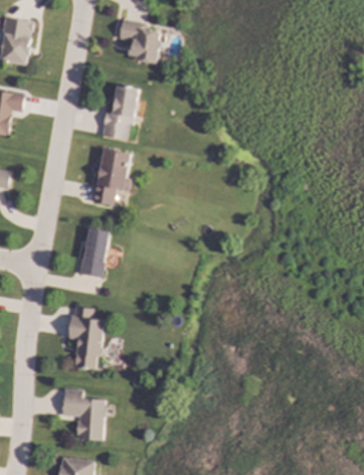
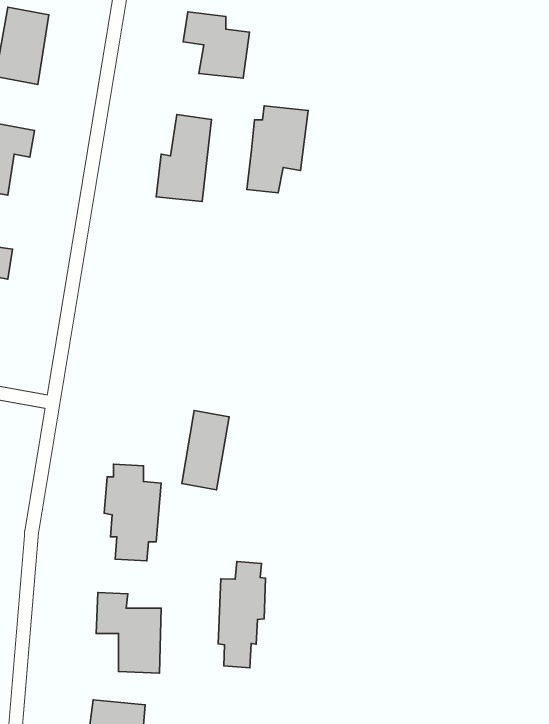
building: [93,149,132,204] -> [247,106,308,193]
building: [80,227,111,278] -> [182,411,229,490]
building: none -> [218,562,265,668]

